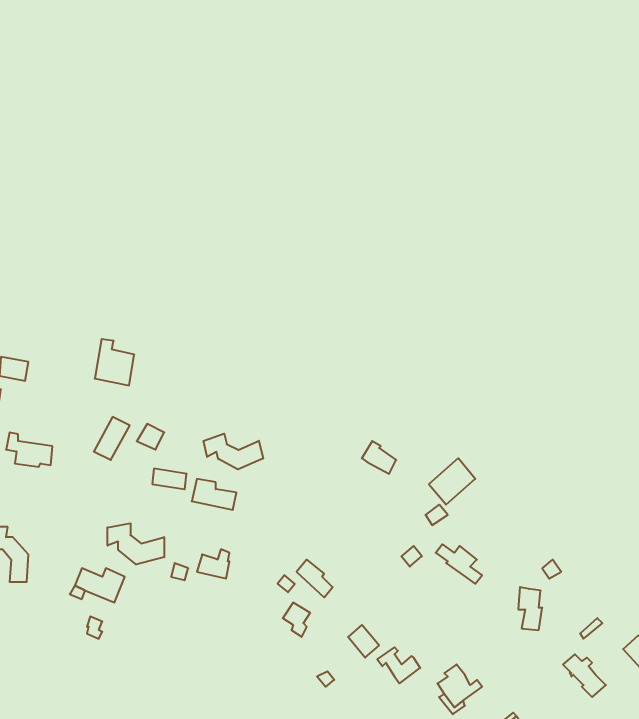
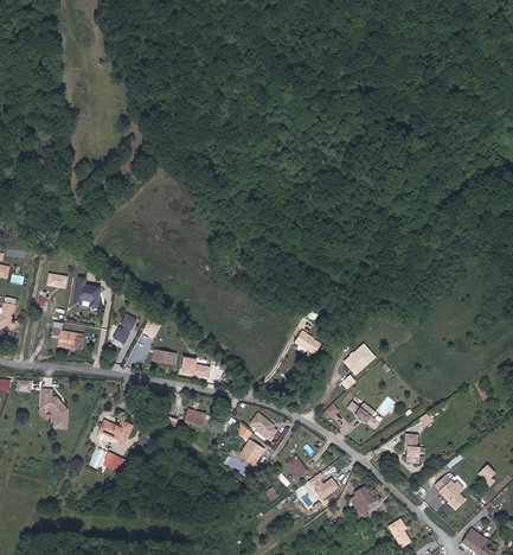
building: [95,339,134,385] -> [72,278,100,310]
building: [203,434,263,469] -> none
building: [107,523,164,565] -> none

